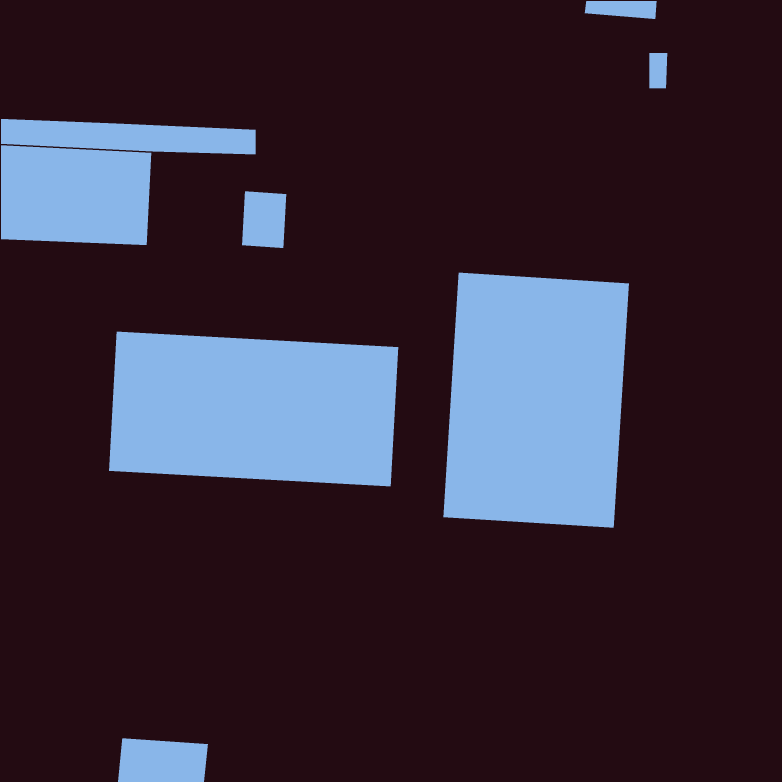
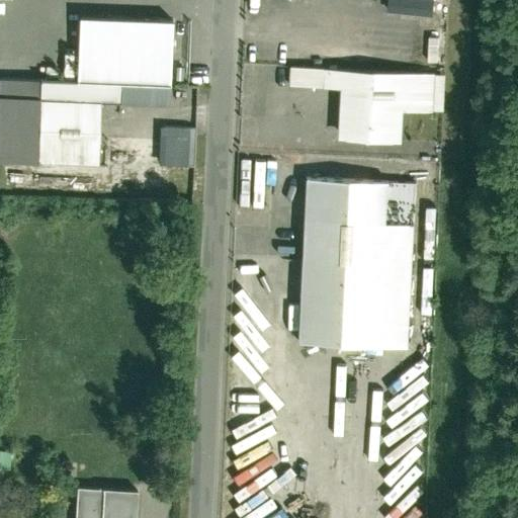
building: none -> [79,18,174,87]
building: none -> [287,70,447,145]
building: [108,331,399,487] -> none

